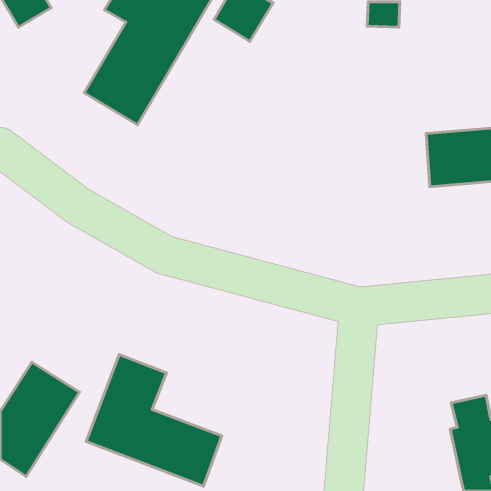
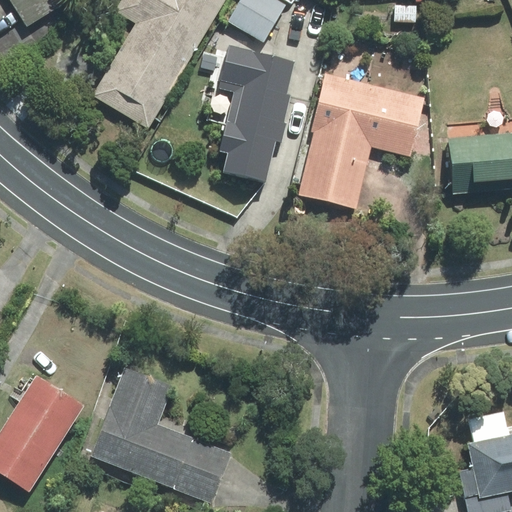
building: none -> [213,44,297,181]
building: none -> [297,71,425,209]

